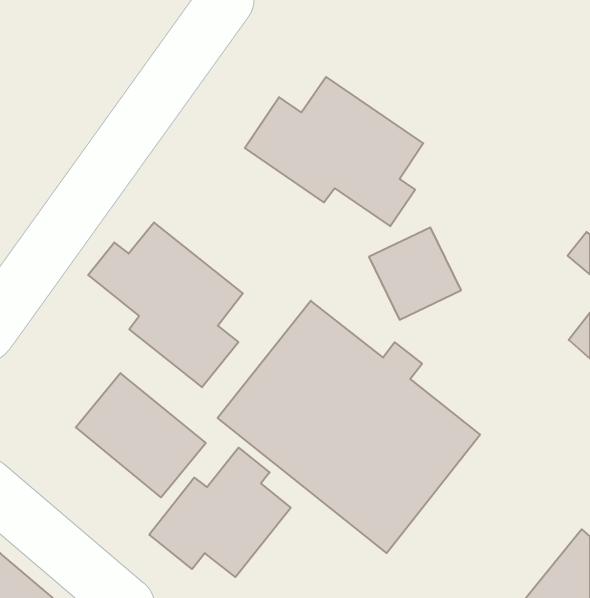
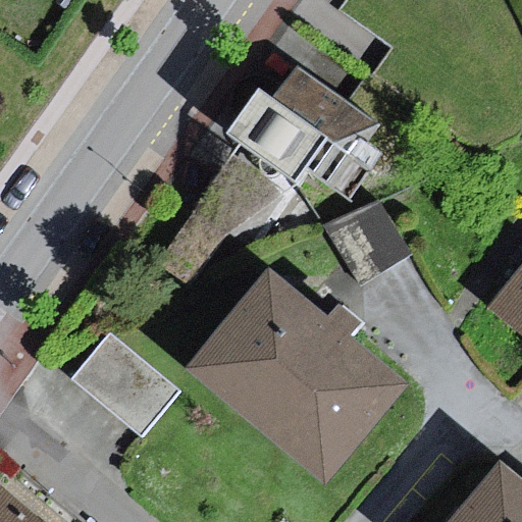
building: [88,222,243,387] -> none
building: [149,448,291,577] -> none

